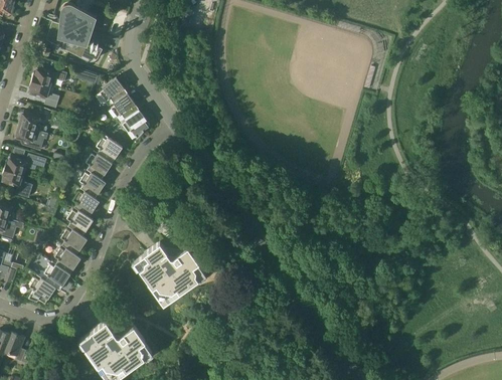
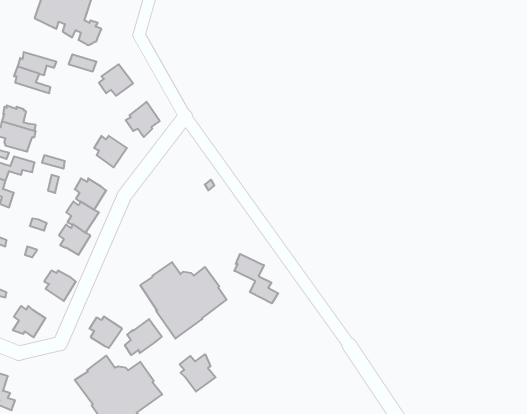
building: [111,94,139,121] -> none
building: [86,154,112,180] -> none
building: [60,230,88,255] -> none
building: none -> [234,254,278,303]
building: [43,264,70,291] -> [89,316,122,348]
building: none -> [125,319,162,355]
building: none -> [180,354,216,392]

